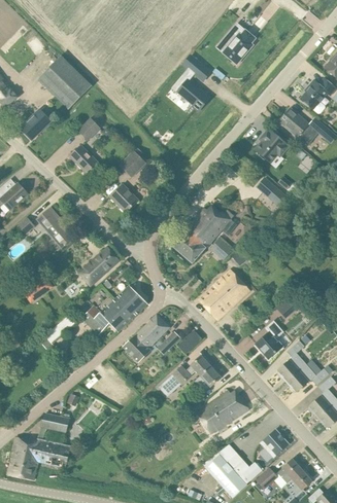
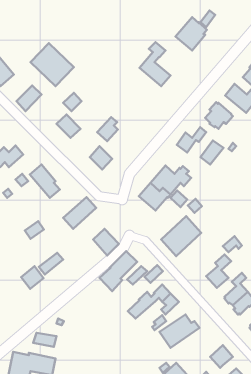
building: none -> [177,127,206,153]
building: [82,298,133,332] -> none
building: none -> [21,266,44,289]

